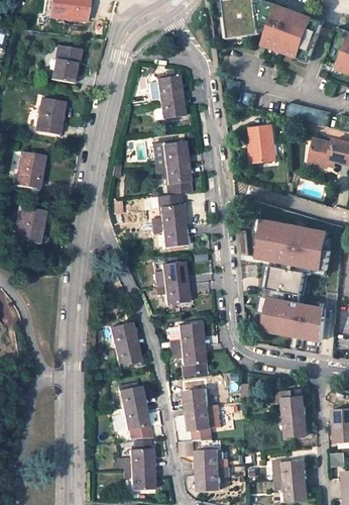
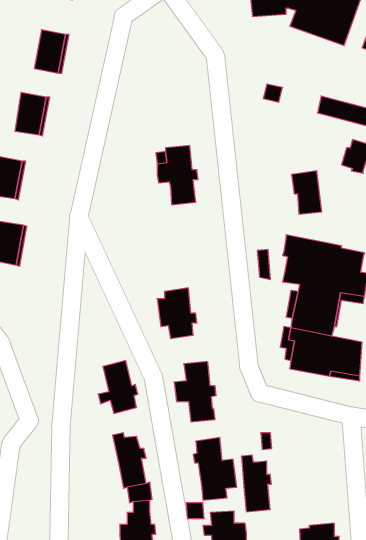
building: [155,77,183,119] -> none
building: [250,125,275,162] -> [292,171,322,214]
building: [151,195,185,248] -> none
building: [281,390,307,437] -> [241,455,271,512]

